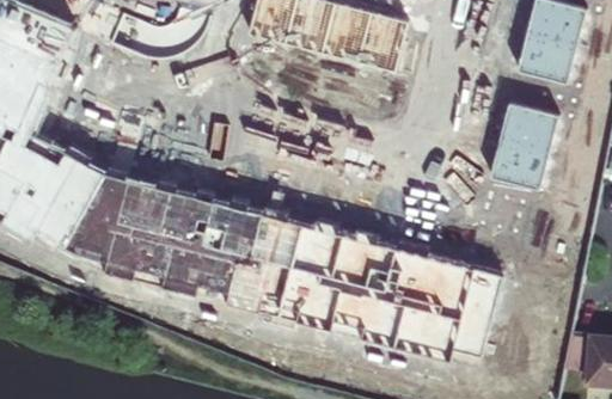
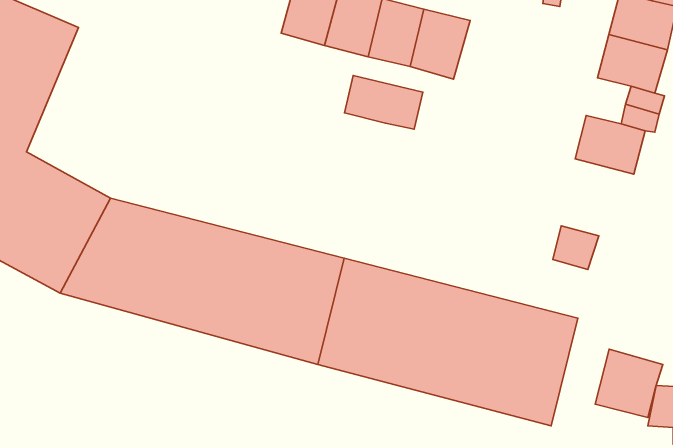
building: none -> [344,76,423,129]
building: [488,139,547,189] -> none
building: none -> [595,349,663,418]

